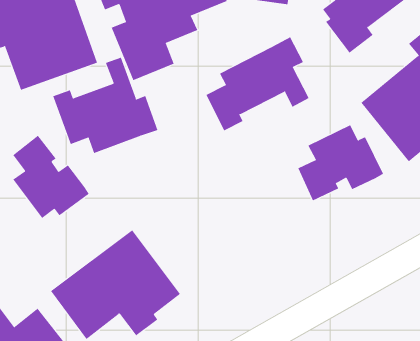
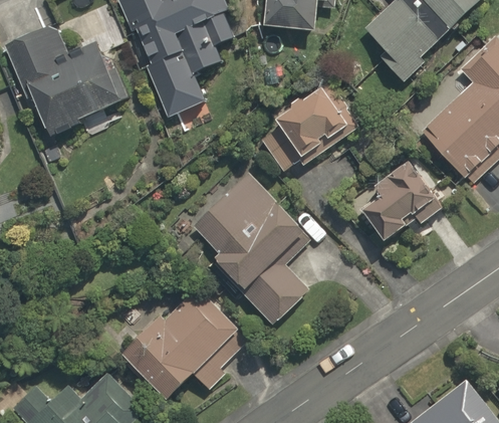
building: [53,57,158,154] -> none
building: none -> [189,171,310,326]
building: [12,135,90,219] -> none

